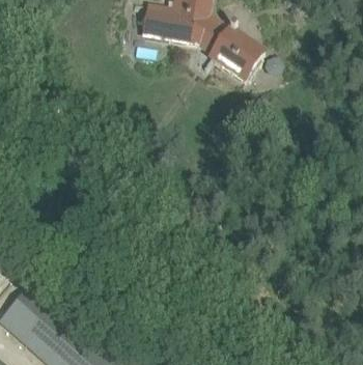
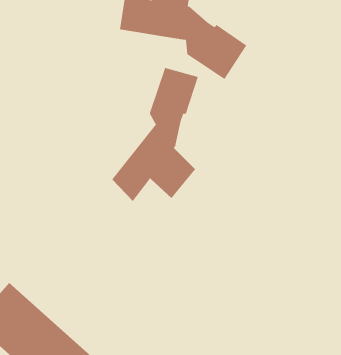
building: none -> [111,67,199,202]

